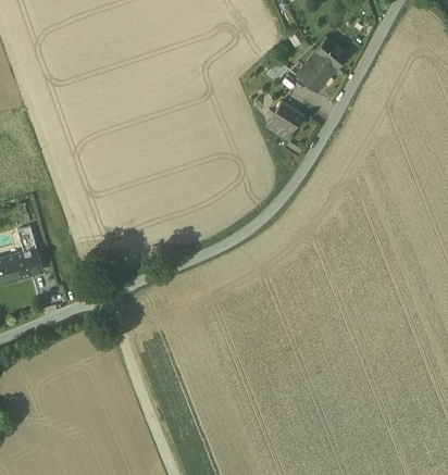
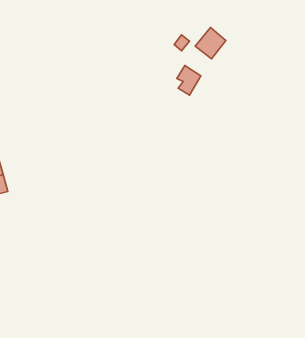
building: [314,38,348,70] -> none

